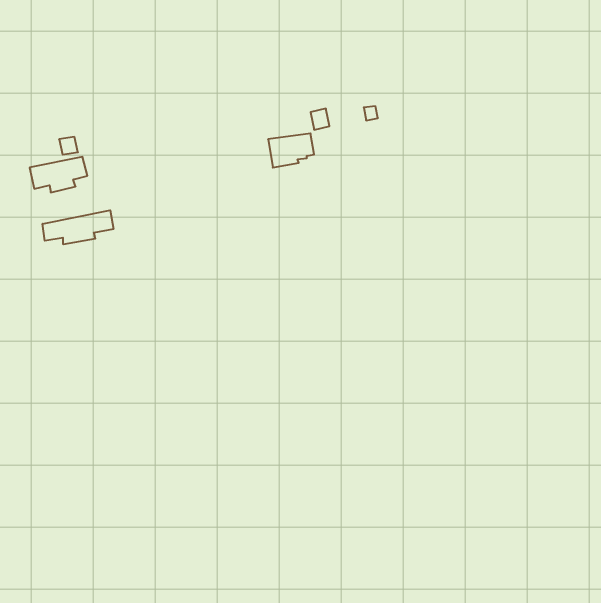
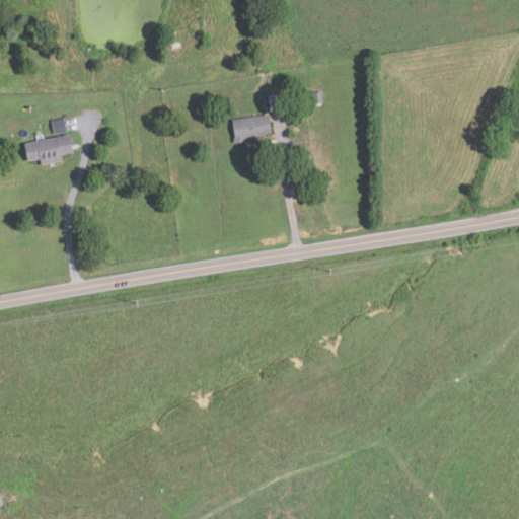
building: [43,210,113,244] -> none

